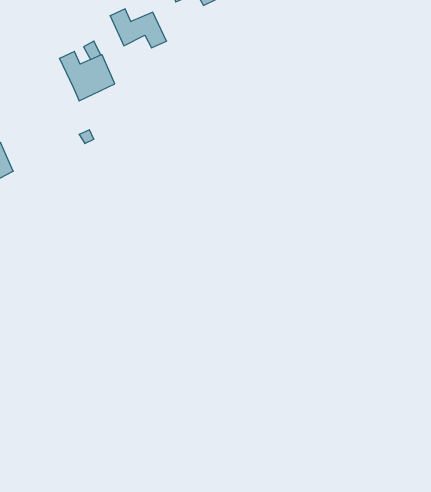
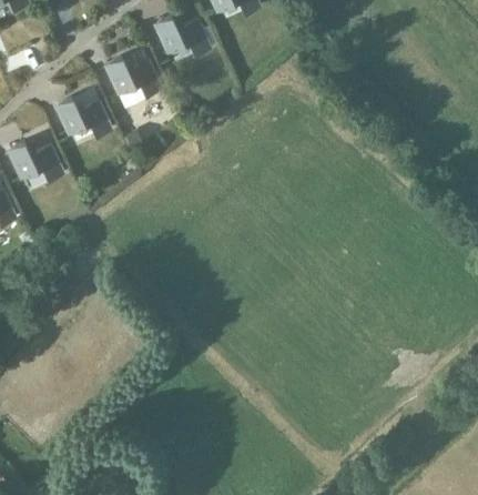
building: none -> [57,100,111,137]

